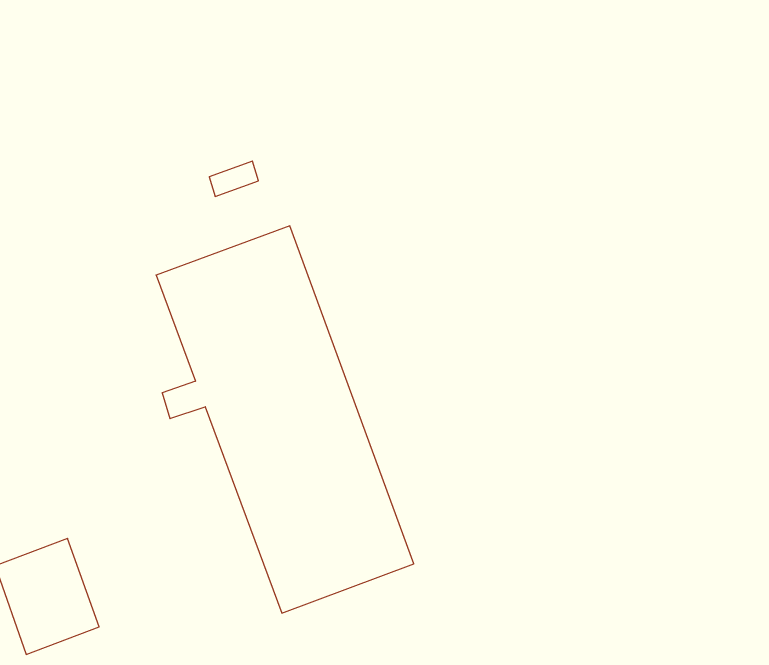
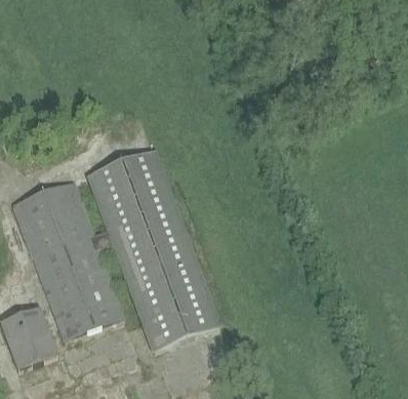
building: none -> [14,182,121,340]

